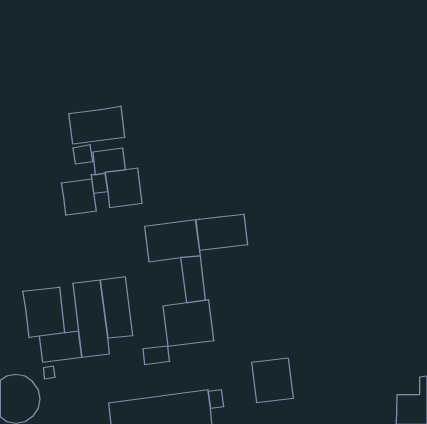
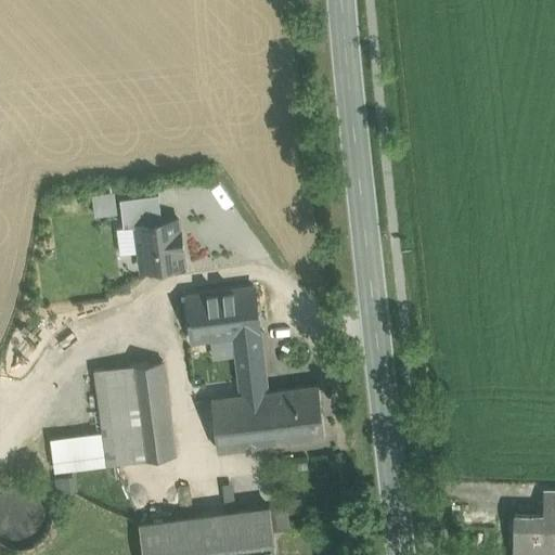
building: [69,106,124,144] -> none
building: [61,179,96,215] -> none
building: [196,214,248,251] -> none
building: [23,287,65,338] -> none
building: [143,346,170,365] -> [140,439,175,463]
building: [252,358,293,403] -> [271,388,325,446]

